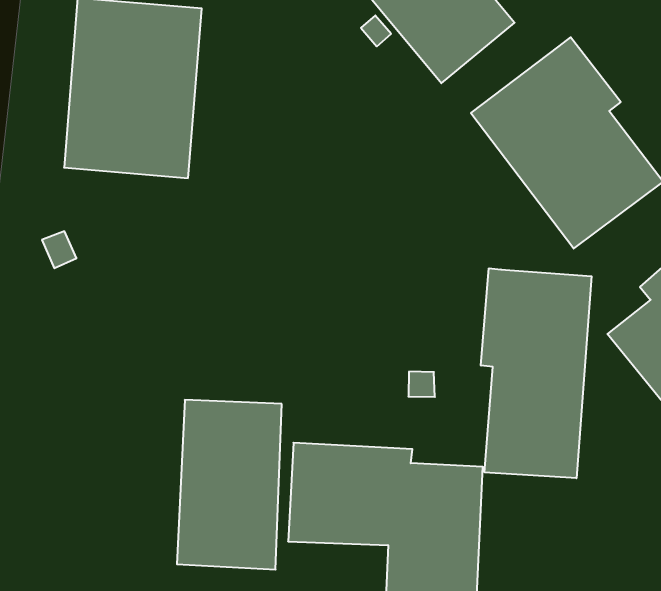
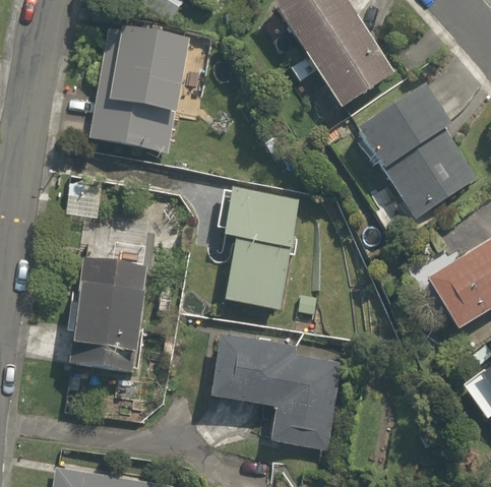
building: none -> [223,186,298,308]
building: [481,268,592,478] -> none
building: [177,400,282,570] -> [68,255,147,372]

